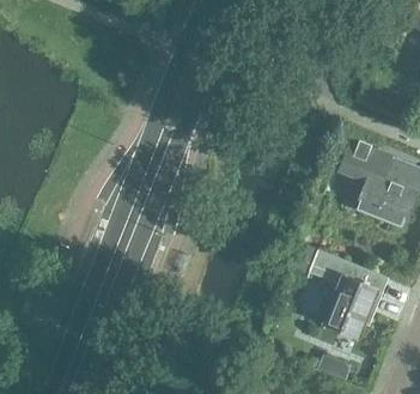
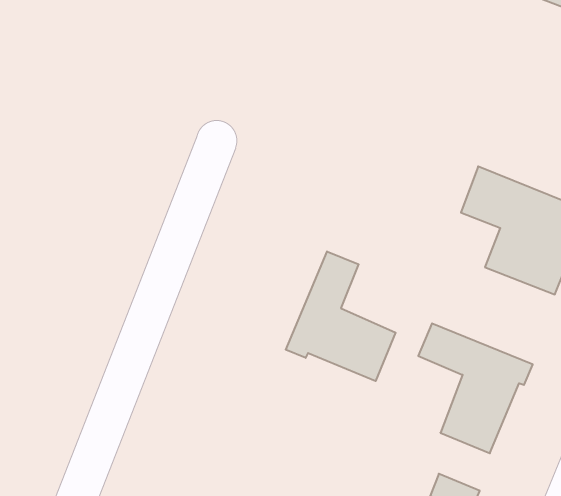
building: none -> [286,251,396,381]

